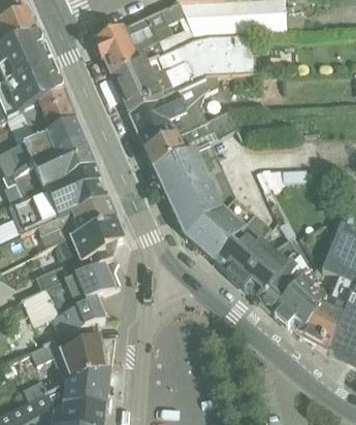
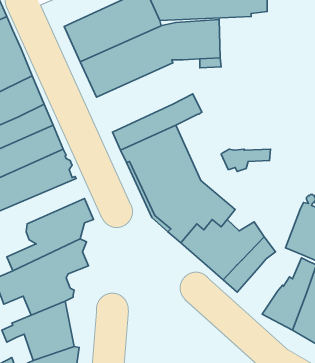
building: [129,75,218,150] -> none
building: [38,197,117,249] -> none
building: [273,272,325,336] -> none

